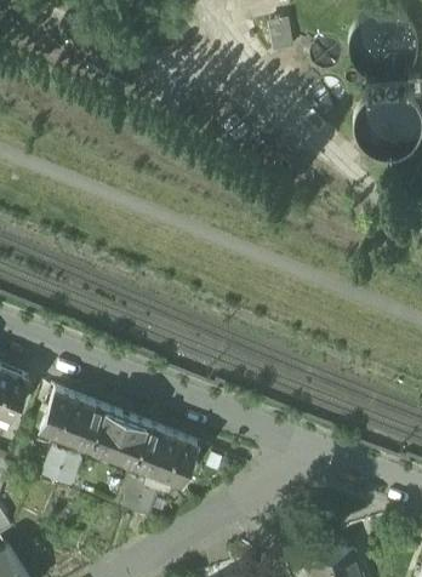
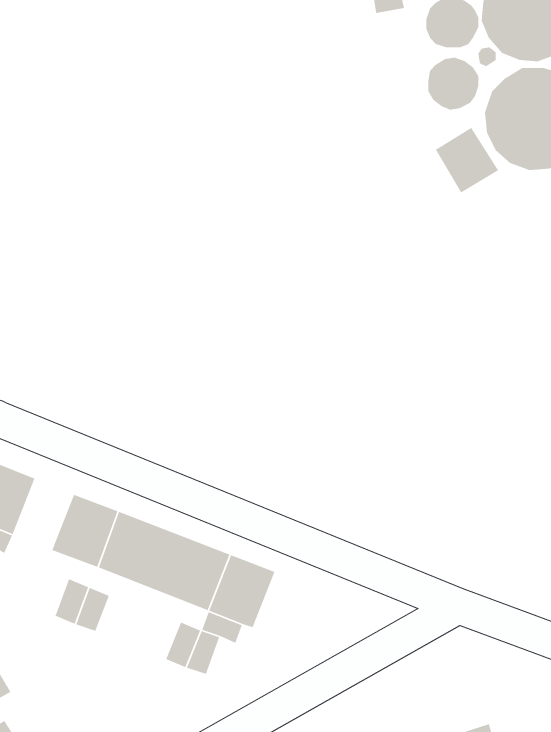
building: none -> [435,127,499,194]

